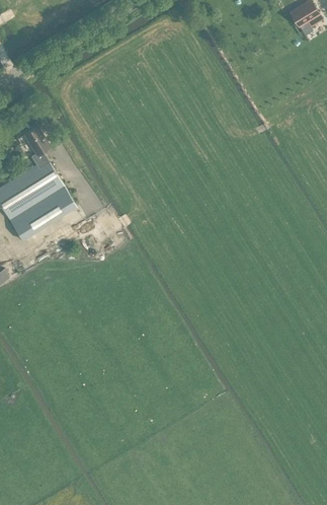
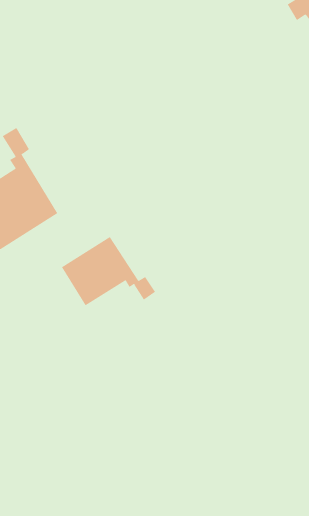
building: none -> [61,236,156,306]

